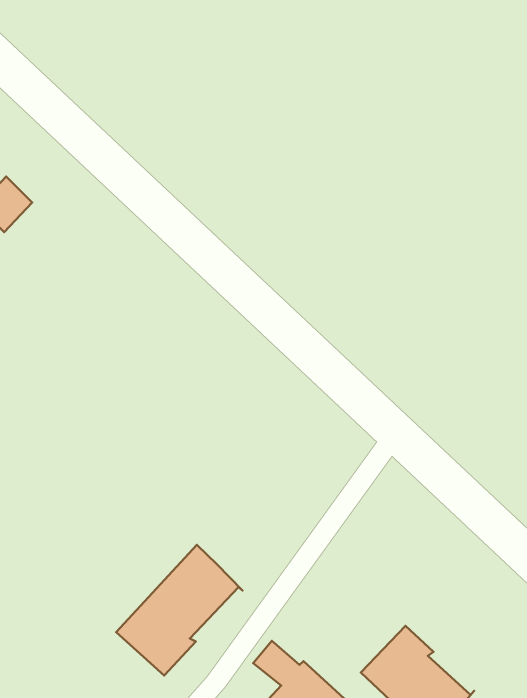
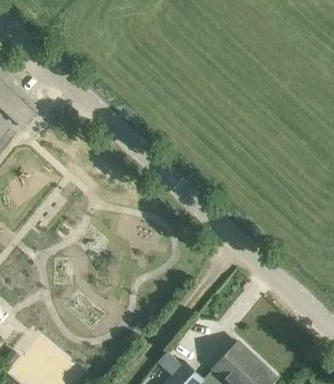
building: [116,545,243,675] -> none

